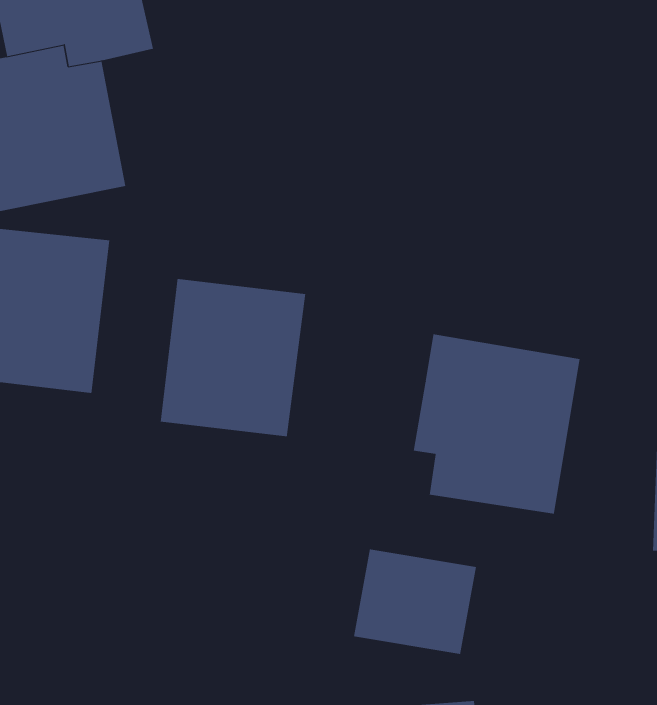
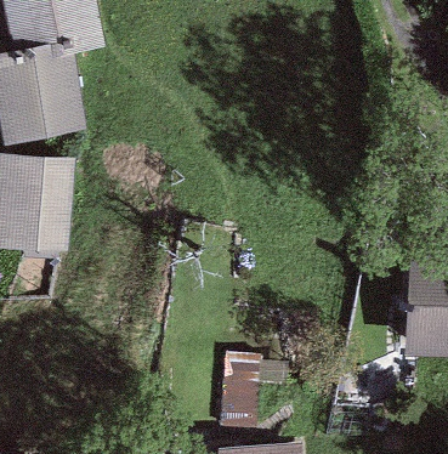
building: [160,278,306,437] -> none
building: [413,334,580,515] -> none

